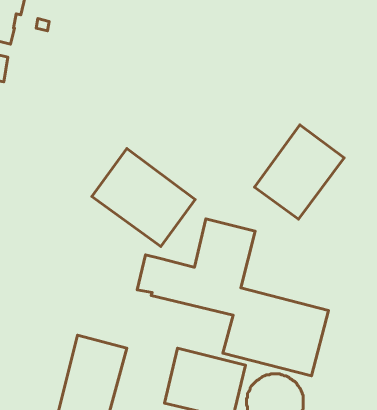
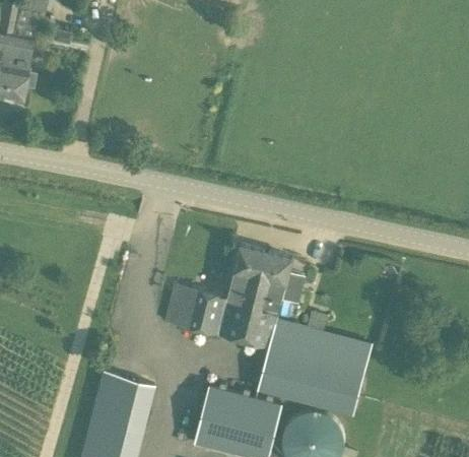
building: [255,125,344,219] -> none
building: [92,149,195,247] -> none

